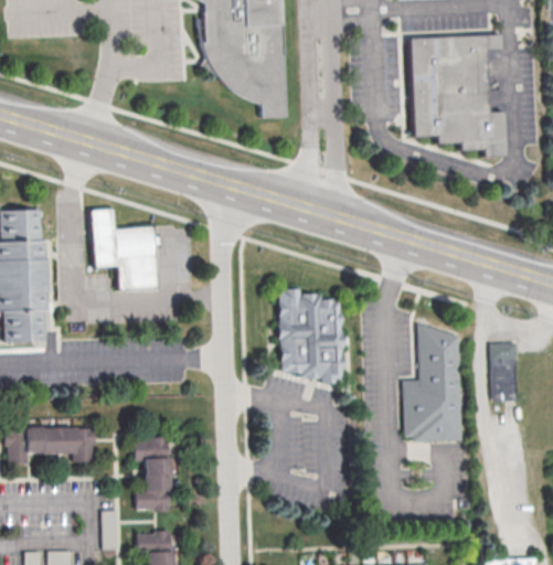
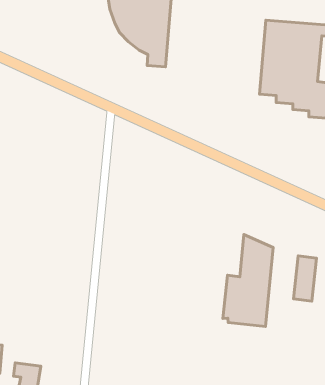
building: [92,209,158,290] -> none
building: [280,289,343,383] -> none
building: [136,437,171,510] -> none

